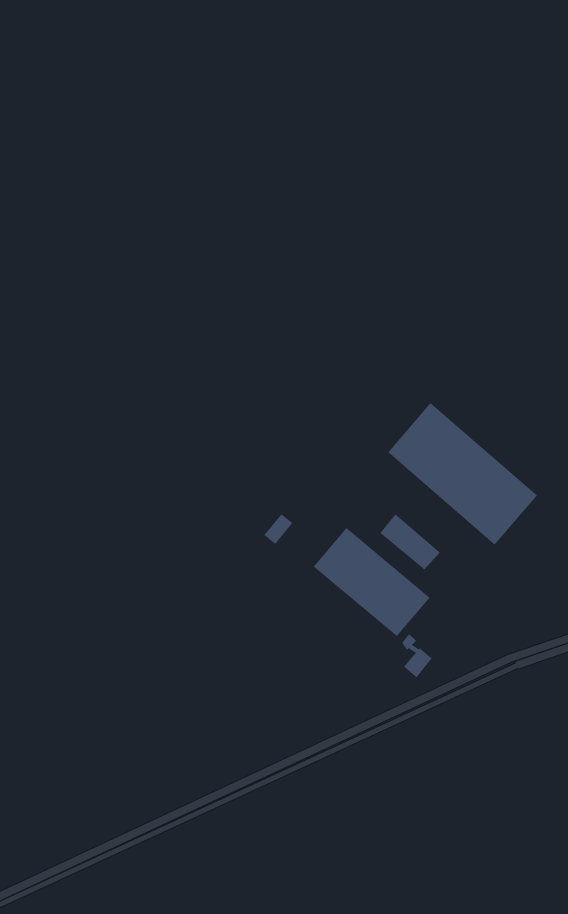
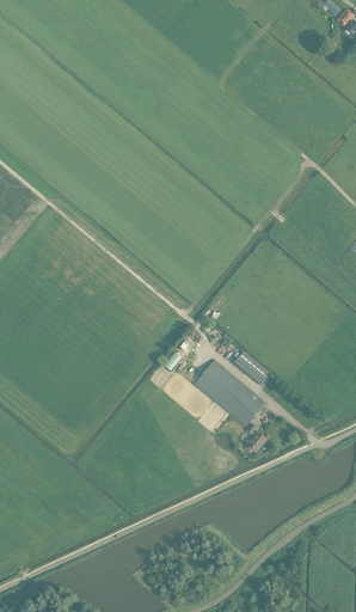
building: [387,402,538,546] -> none

